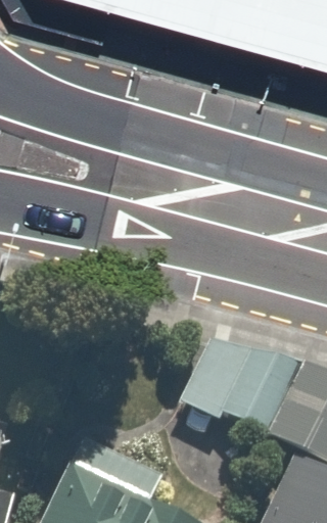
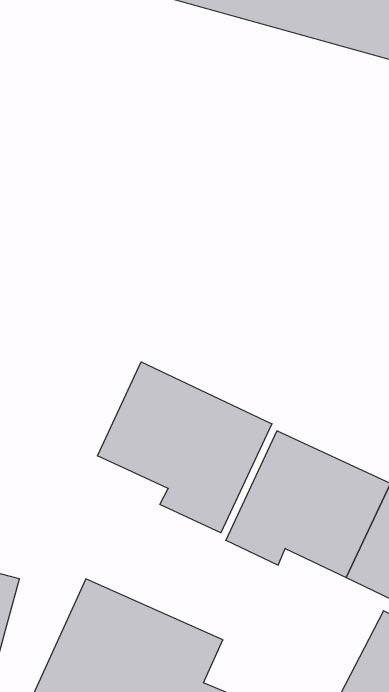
building: none -> [97,362,272,533]

